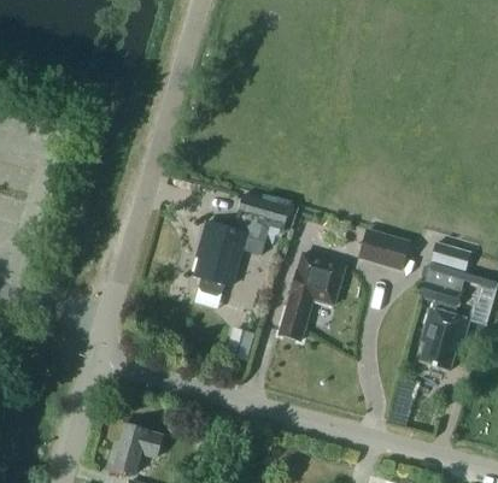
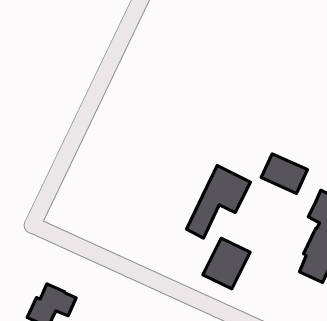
building: [194,193,289,294] -> none
building: none -> [203,238,250,289]

